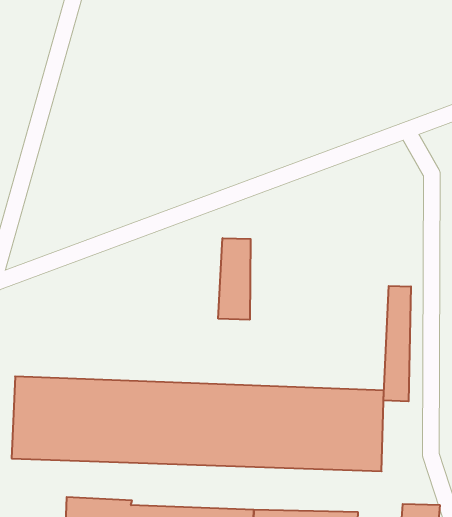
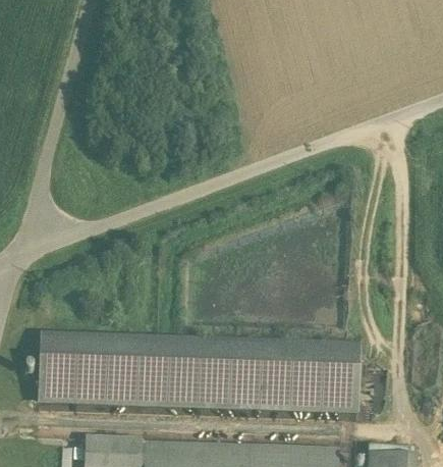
building: [218,238,251,320] -> none
building: [384,286,411,401] -> none

